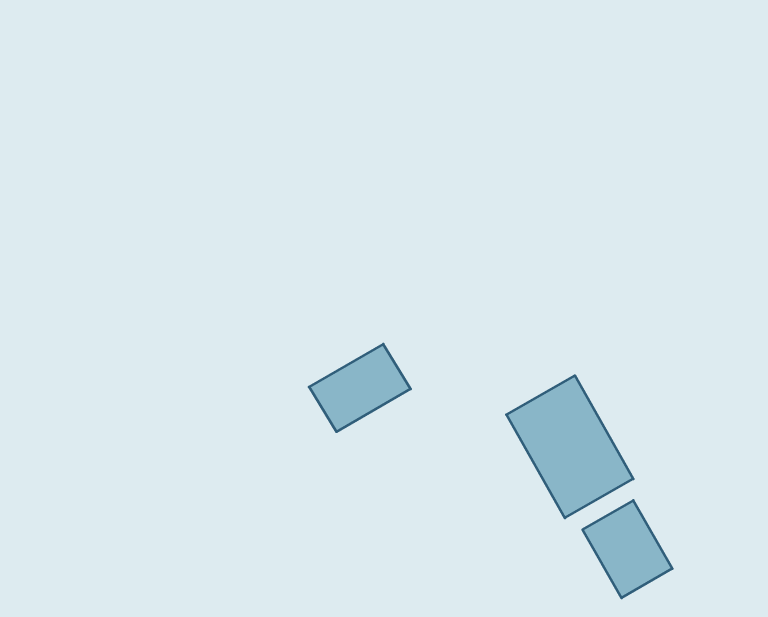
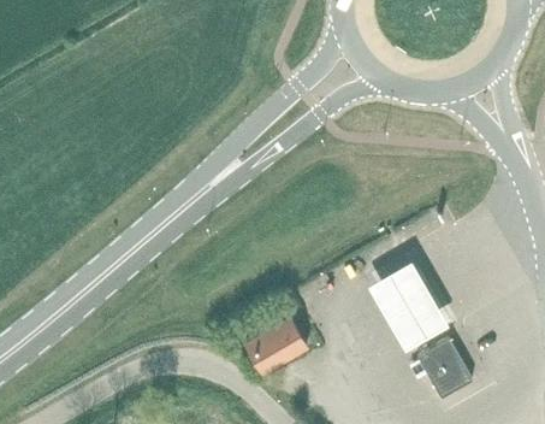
building: [309,344,411,432] -> [244,319,307,373]

